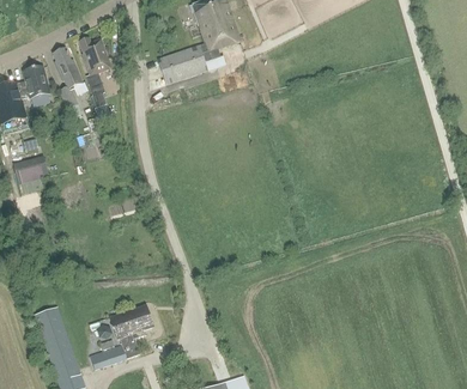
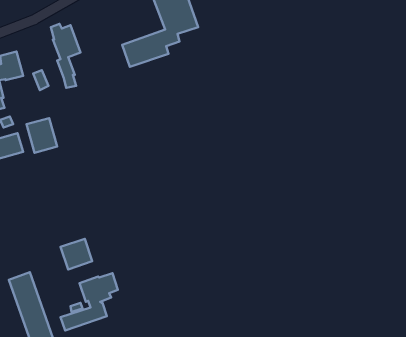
building: [54,48,84,86] -> none
building: none -> [27,118,57,153]
building: none -> [61,239,92,270]

